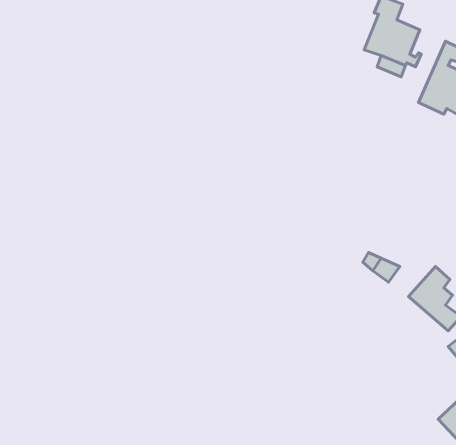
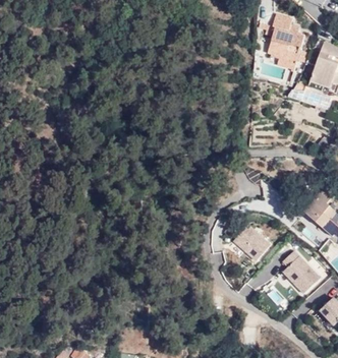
building: none -> [232,224,273,263]
building: none -> [278,249,321,294]

